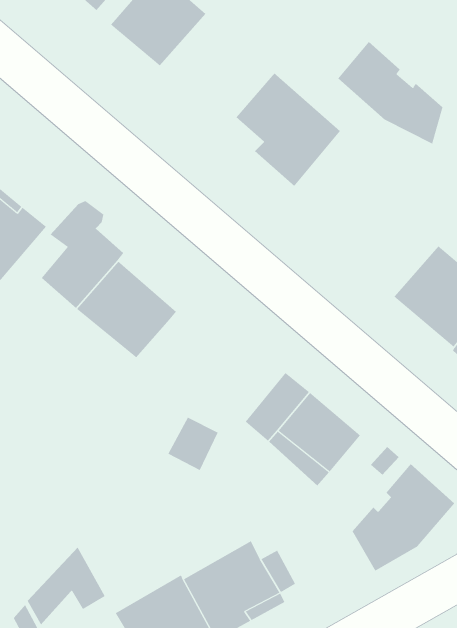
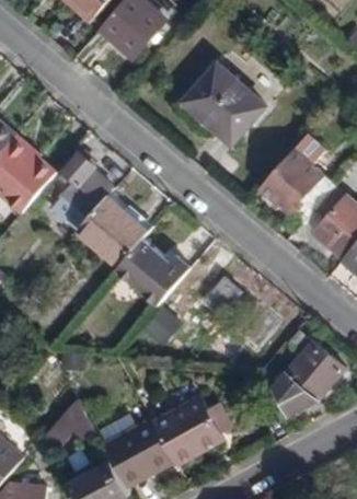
building: [338,41,443,145] -> none
building: none -> [260,150,332,221]
building: none -> [115,237,189,304]

